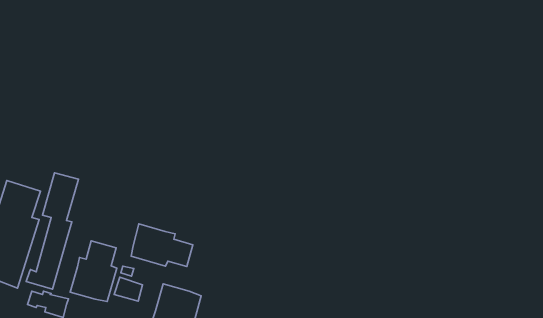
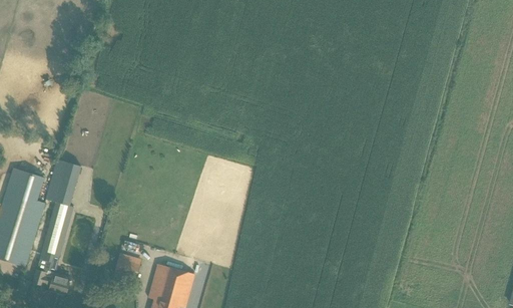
building: [131,224,193,267] -> none
building: [70,241,117,302] -> none

